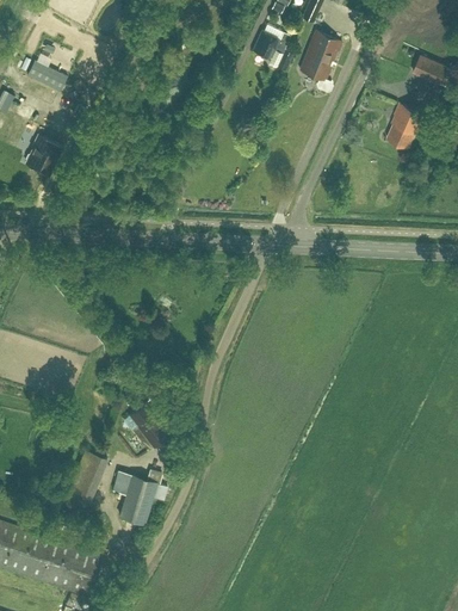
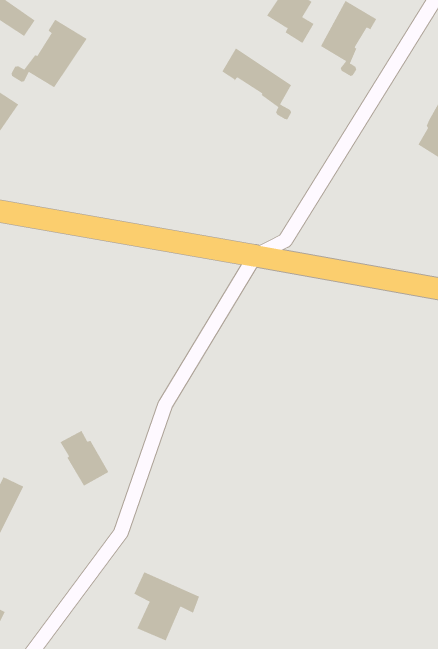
building: none -> [11,19,87,88]
building: none -> [222,47,292,120]
building: [113,470,167,524] -> [133,571,200,641]

